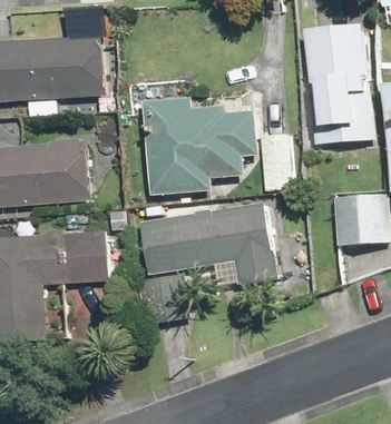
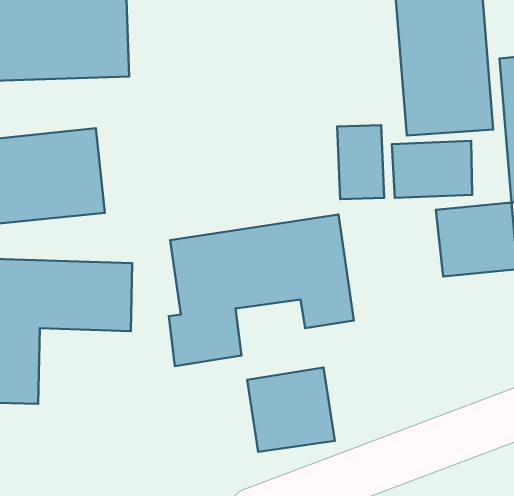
building: [144,98,256,194] -> none
building: none -> [392,141,472,198]
building: none -> [247,367,335,452]

